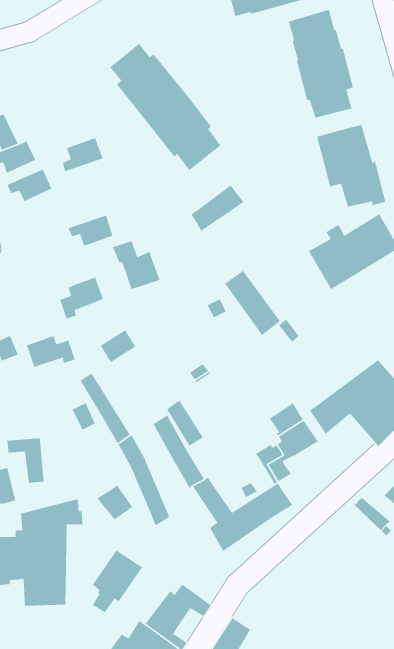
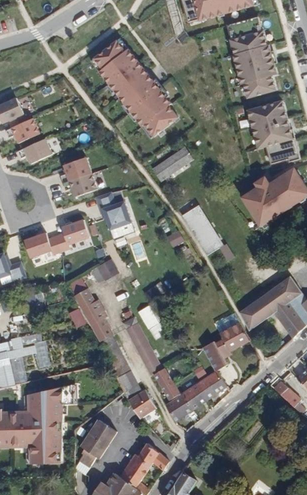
building: [62,137,104,172] -> [60,155,91,181]
building: [26,336,76,368] -> [24,231,61,255]
building: [97,484,133,521] -> [125,393,152,420]

